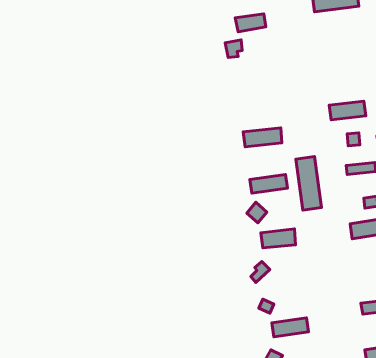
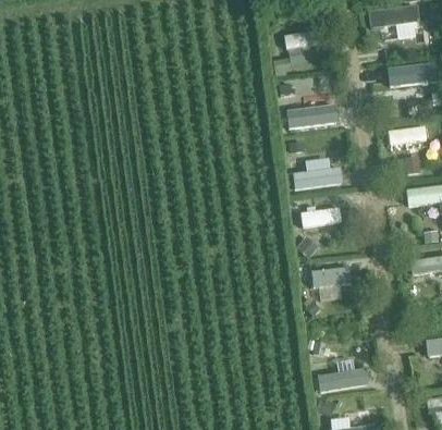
building: none -> [386,64,434,91]
building: none -> [288,107,339,132]
building: [296,156,322,210] -> none

